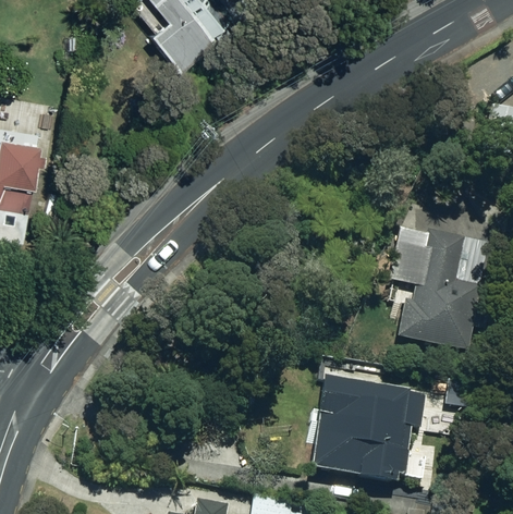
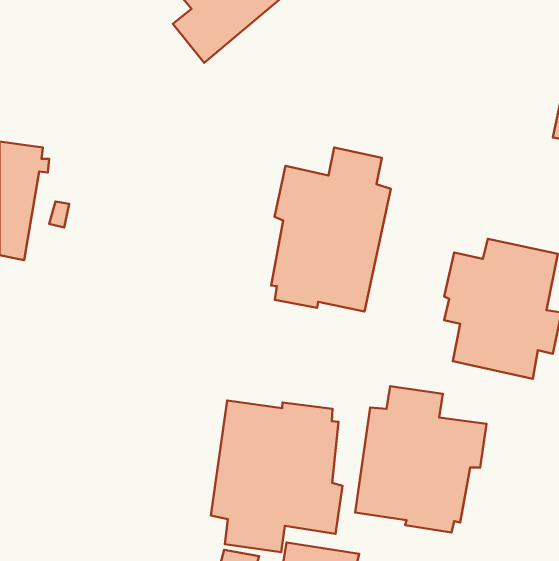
building: none -> [271,148,391,312]
building: none -> [211,401,342,552]

